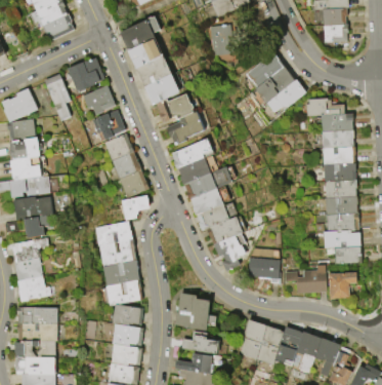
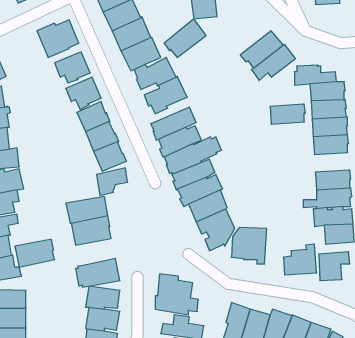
building: [245,51,284,87] -> [164,19,206,57]
building: [44,75,72,121] -> none
building: [324,180,356,198] -> [270,104,305,124]
building: [102,260,139,285] -> [15,240,55,267]

